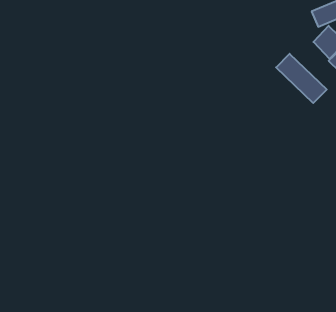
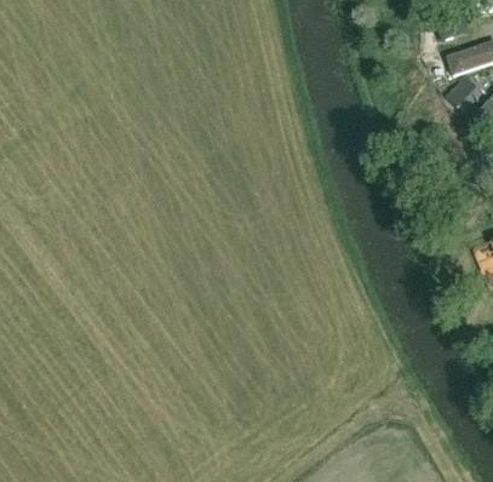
building: [276,54,327,103] -> none

